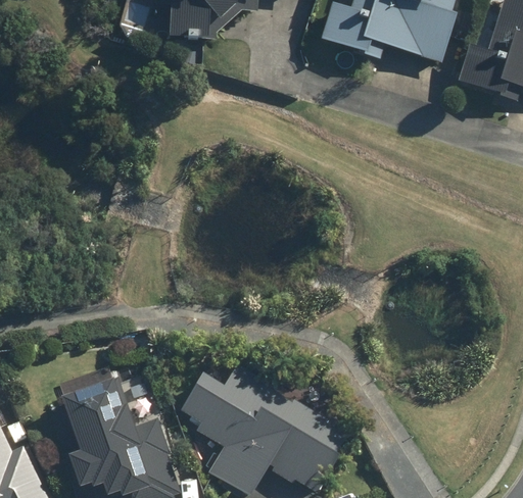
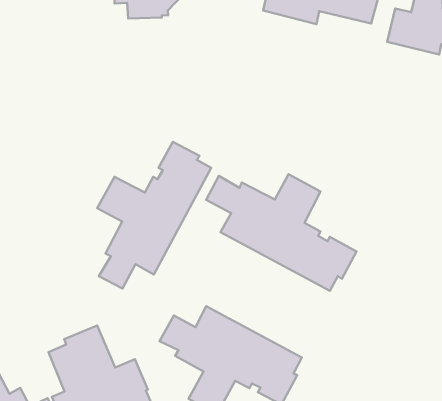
building: none -> [97,142,211,288]
building: none -> [206,174,357,291]

